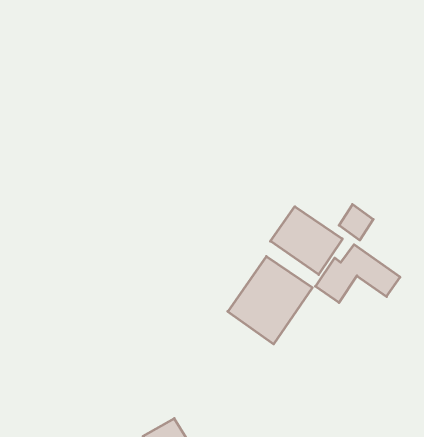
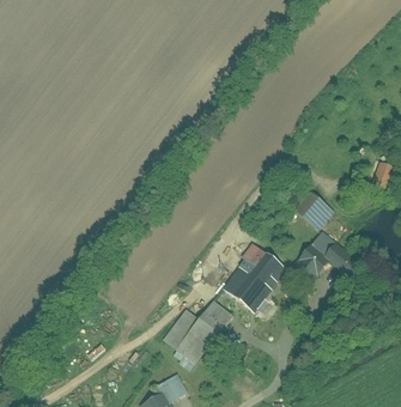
building: [270,207,342,275] -> none
building: none -> [169,304,238,364]

